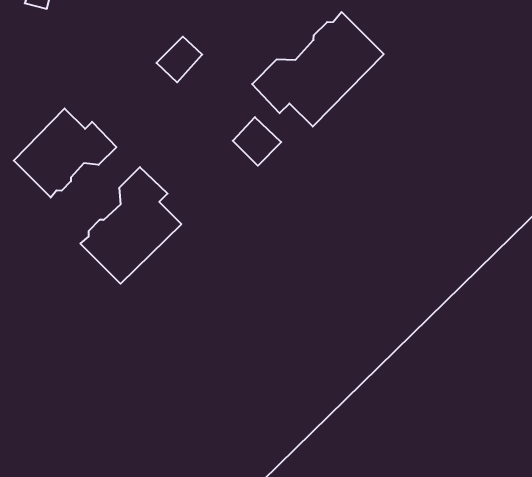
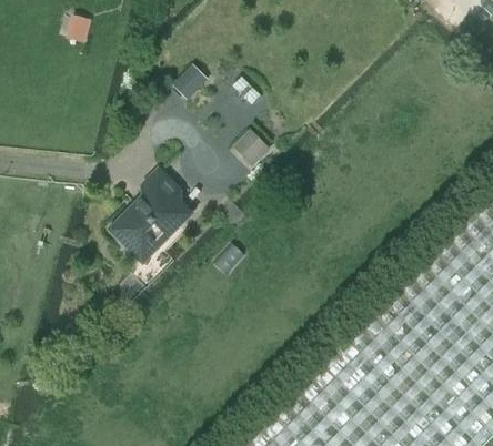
building: [252,12,384,127] -> none
building: [14,108,116,198] -> none

